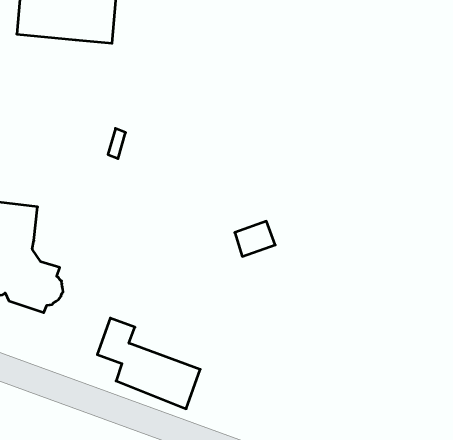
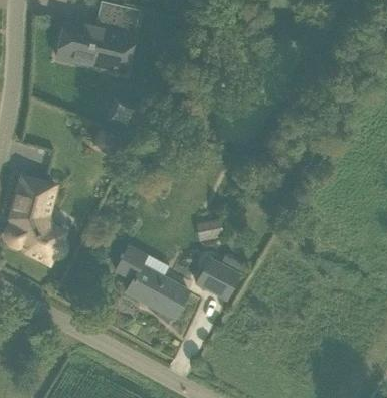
building: none -> [196,257,241,300]
building: [97,318,200,409] -> [116,245,189,319]

